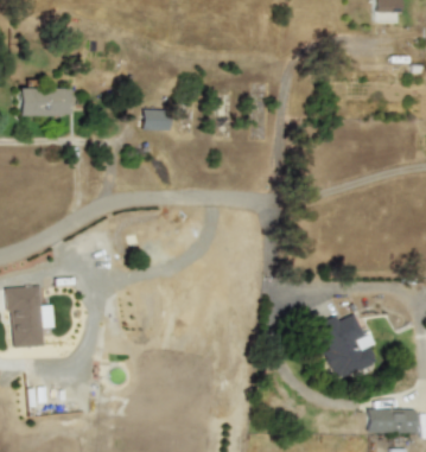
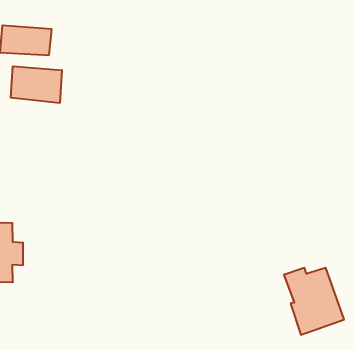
building: [144,109,171,130] -> none
building: none -> [11,66,62,103]

